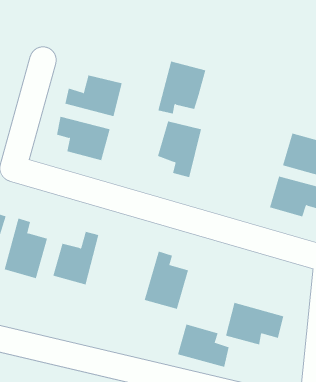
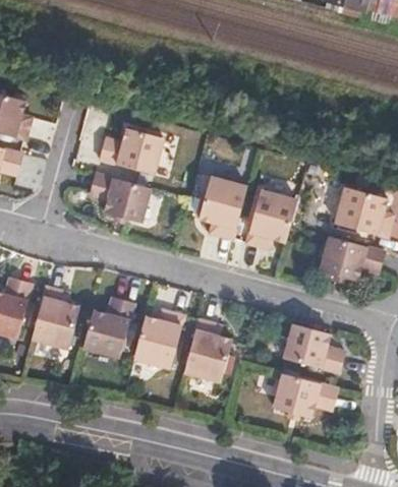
building: [158,61,206,114] -> [246,189,299,247]
building: none -> [134,310,184,368]
building: [177,324,230,368] -> [285,324,342,372]

